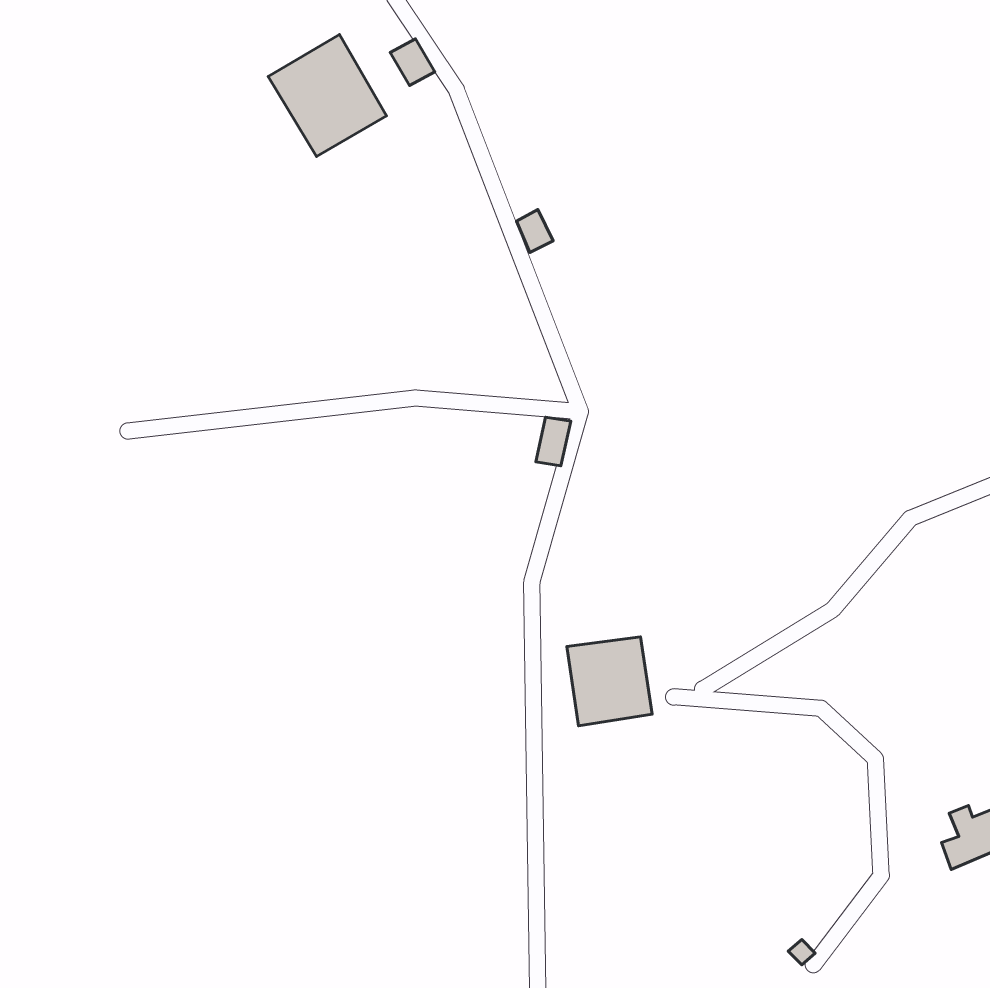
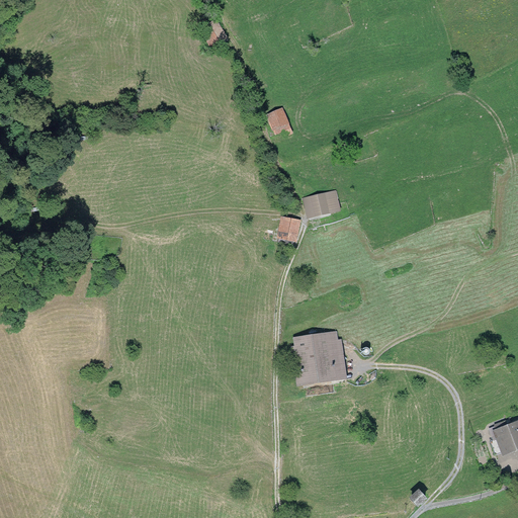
building: [268,34,386,157] -> none
building: none -> [306,191,339,213]

